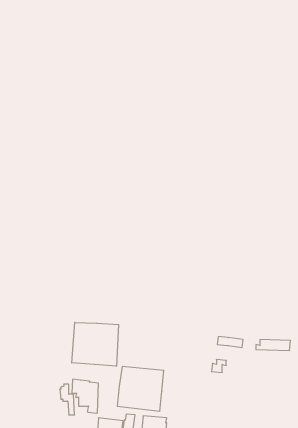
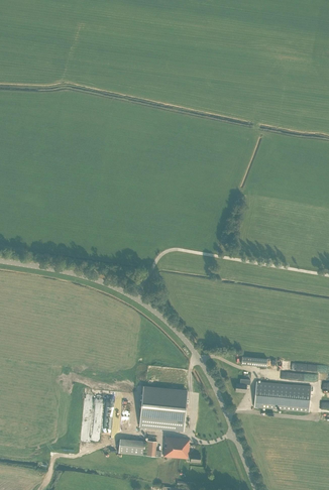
building: [72,322,119,366] -> none
building: none -> [253,380,310,410]

